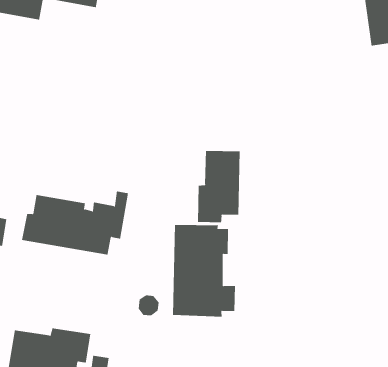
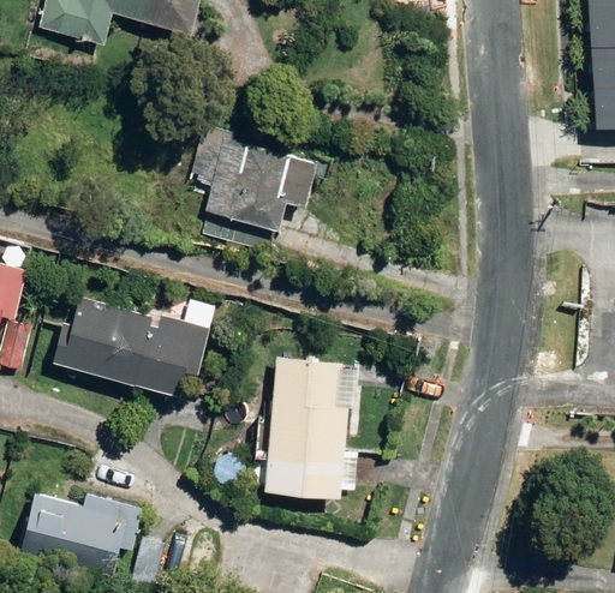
building: none -> [191,124,315,252]
building: [197,150,240,223] -> none

